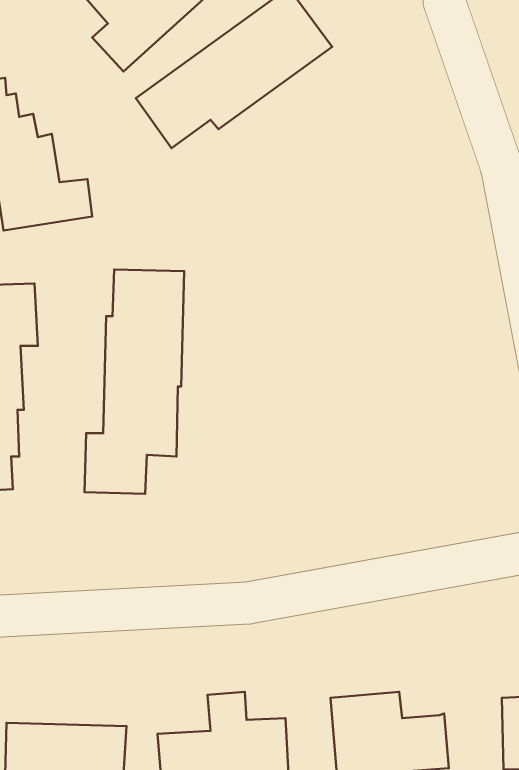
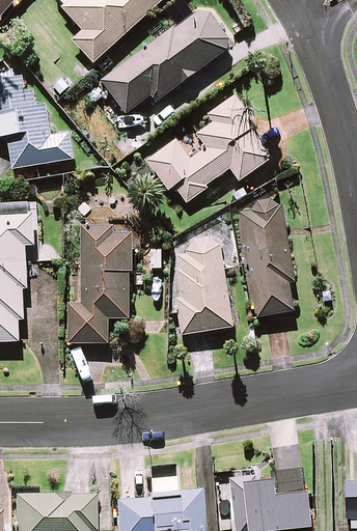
building: none -> [147,99,271,202]
building: none -> [239,203,293,316]
building: none -> [169,239,232,335]

